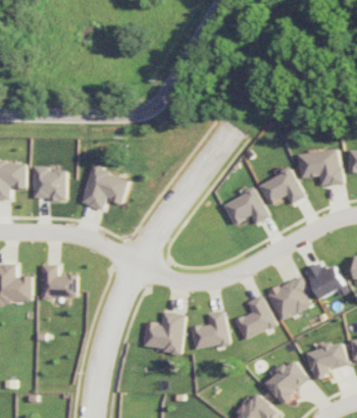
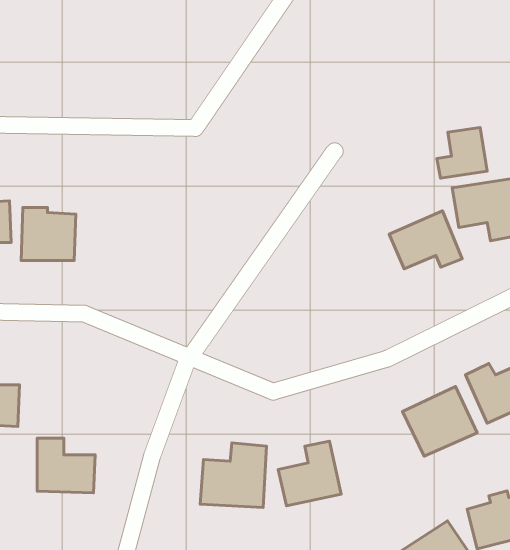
building: none -> [437,127,487,178]
building: [81,167,129,210] -> none
building: [223,188,269,224] -> none
building: [41,265,76,299] -> [37,438,95,493]
building: [235,295,276,341] -> none

